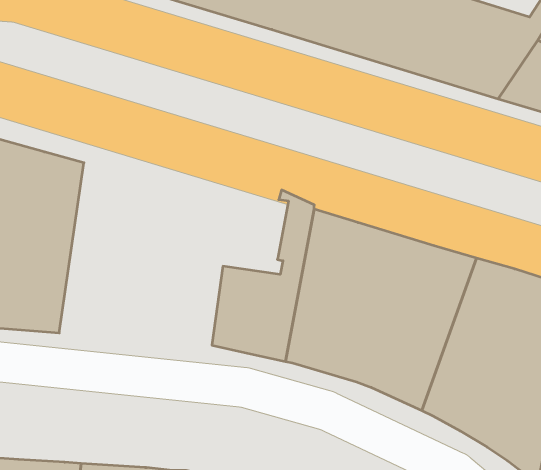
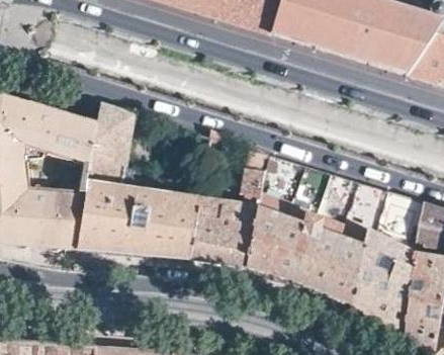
building: none -> [79,102,200,257]

